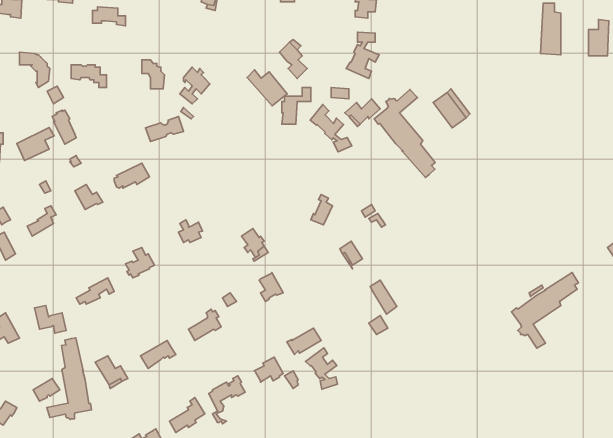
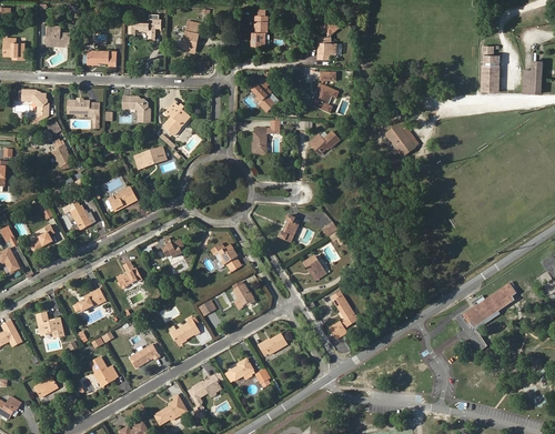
building: [247,70,287,106] -> none
building: [374,90,435,177] -> none
building: [310,104,352,152] -> none
building: [17,127,54,160] -> none
building: [47,338,92,420] -> none
building: [306,348,337,389] -> none

